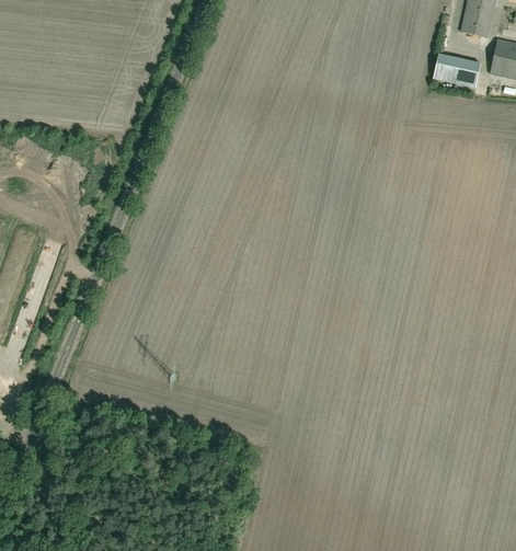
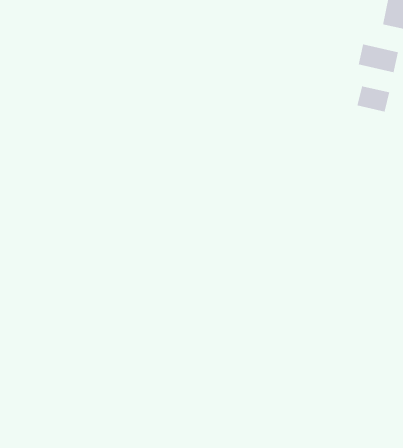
building: none -> [356,85,390,113]

